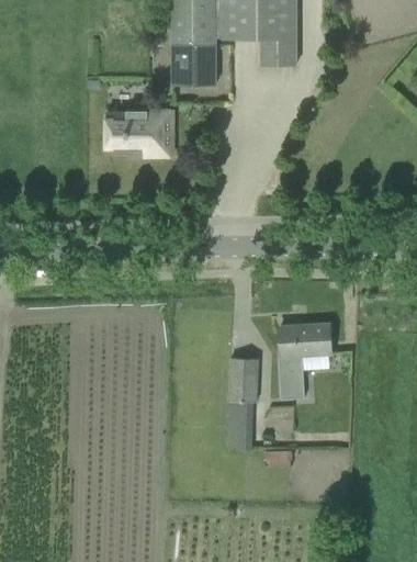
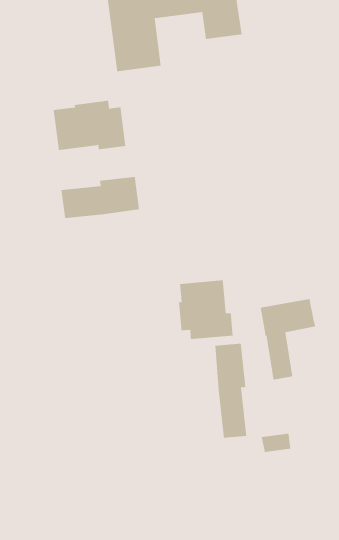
building: none -> [61,176,140,219]
building: none -> [179,280,233,340]

